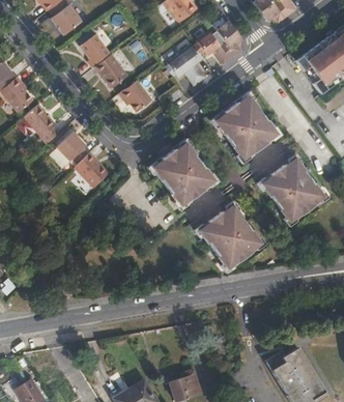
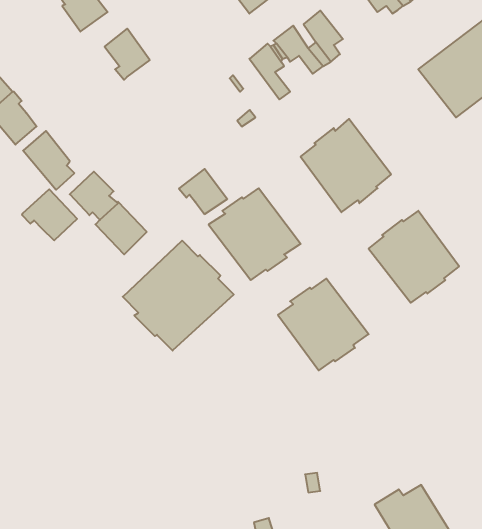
building: [95,55,127,88] -> none
building: [119,81,152,112] -> [179,169,227,214]
building: none -> [22,189,77,240]
building: none -> [123,241,234,351]

